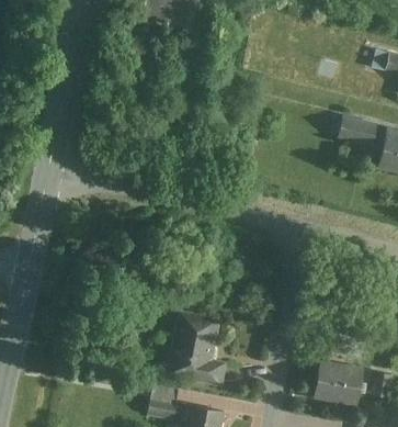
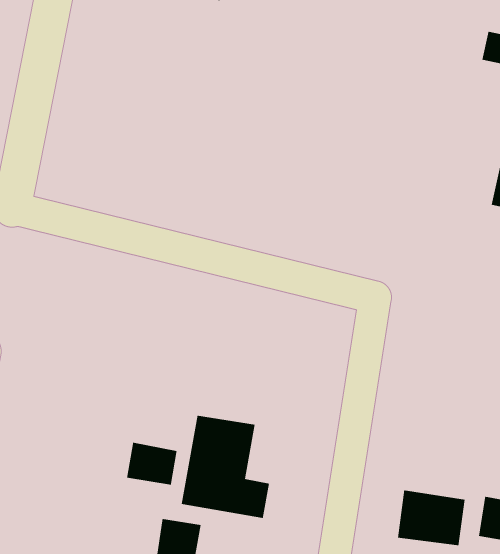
building: [340,116,377,145] -> none
building: none -> [126,442,177,485]

